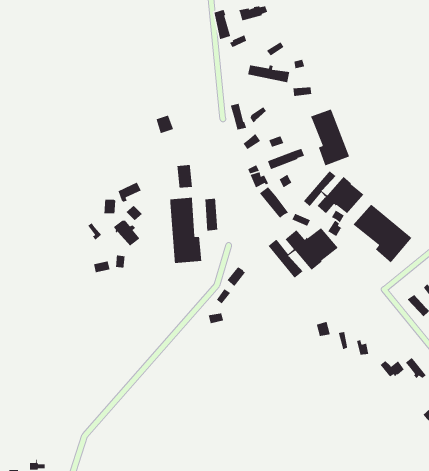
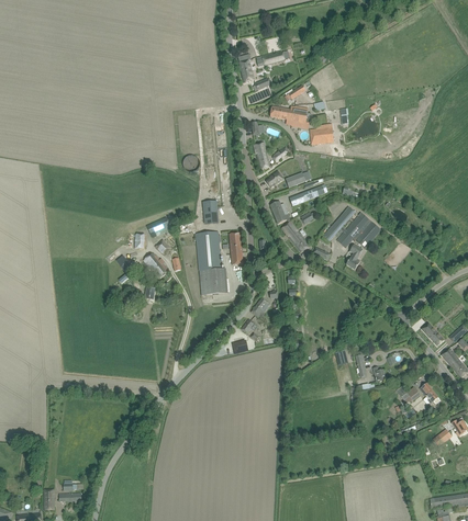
building: [310,109,350,166] -> none
building: [353,204,413,264] -> none
building: [267,227,339,279] -> none

